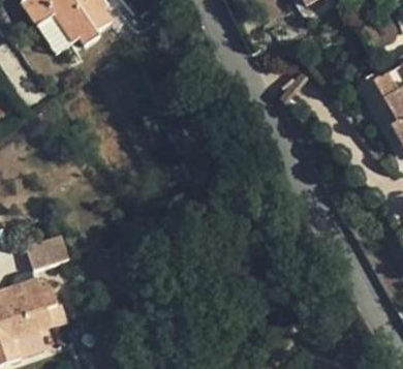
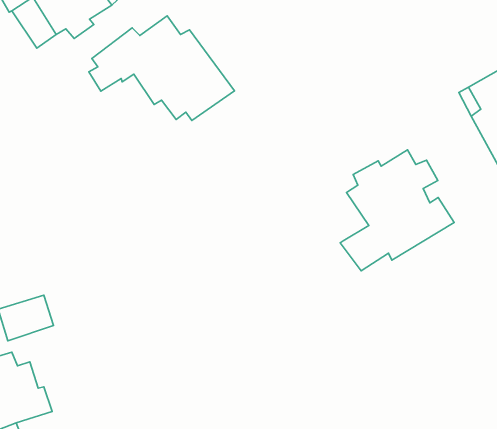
building: none -> [89,16,234,121]
building: none -> [340,150,454,271]

